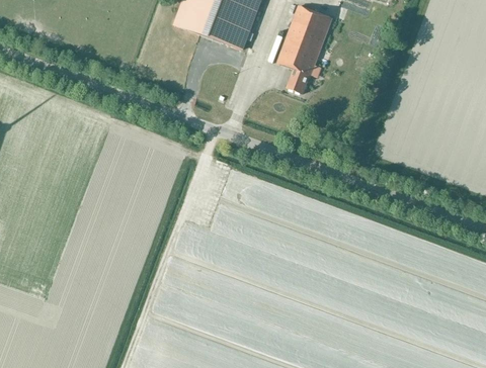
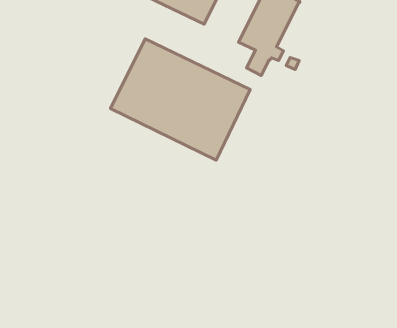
building: none -> [111,39,250,160]

